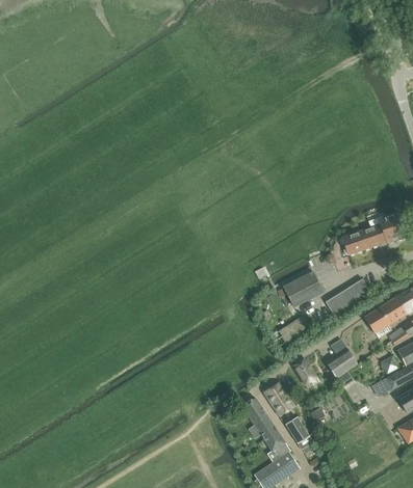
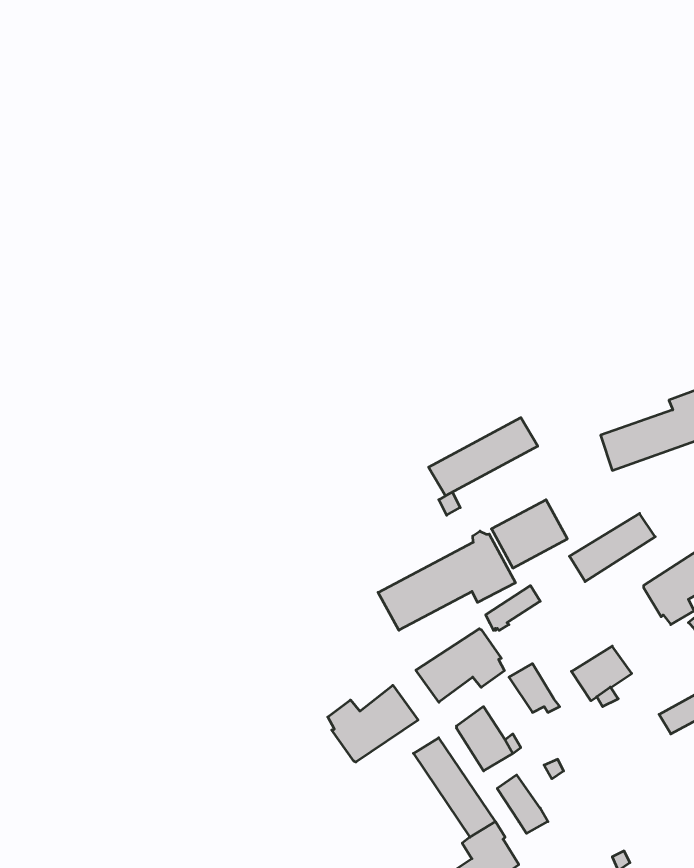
building: none -> [429,418,538,496]
building: none -> [378,531,515,630]
building: none -> [416,629,504,702]
building: none -> [328,685,418,762]

